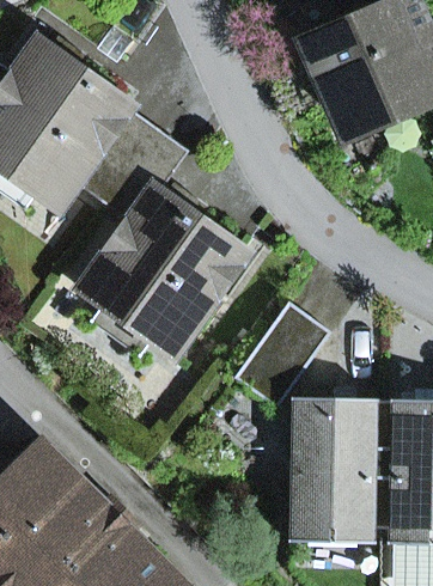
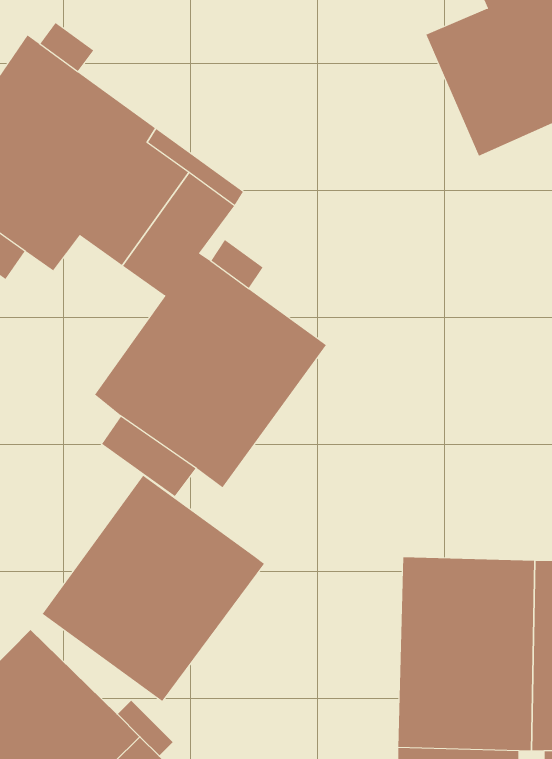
building: [236,303,331,408] -> none
building: none -> [42,475,265,702]

